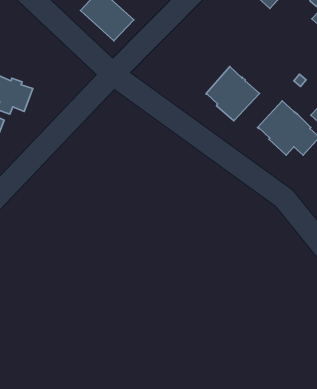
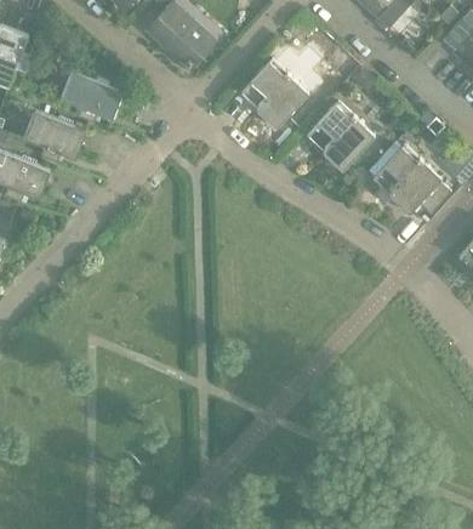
building: none -> [239,58,307,127]
building: none -> [59,69,121,121]

